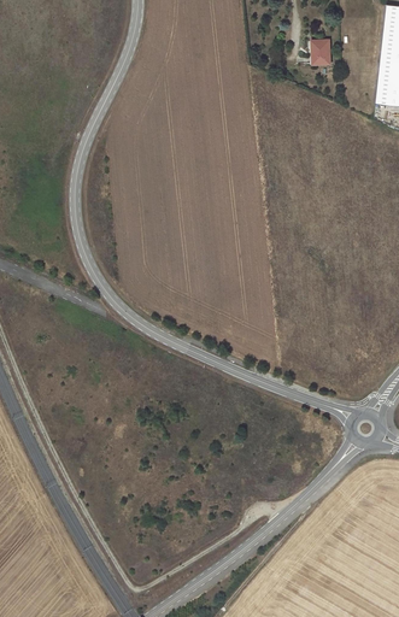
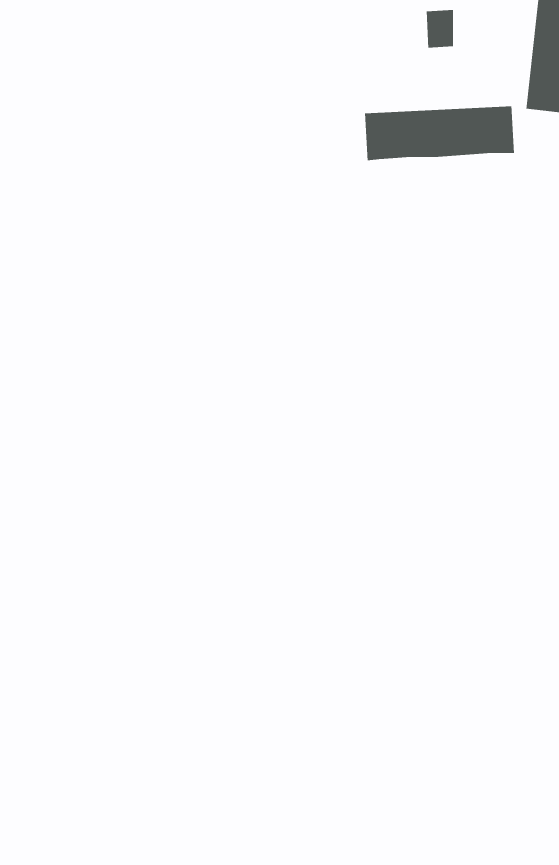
building: none -> [364,105,515,161]

